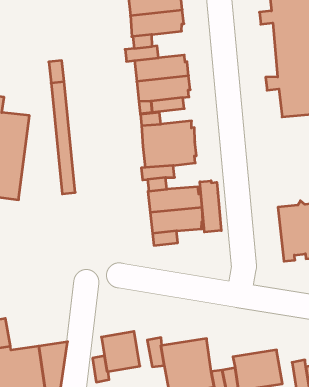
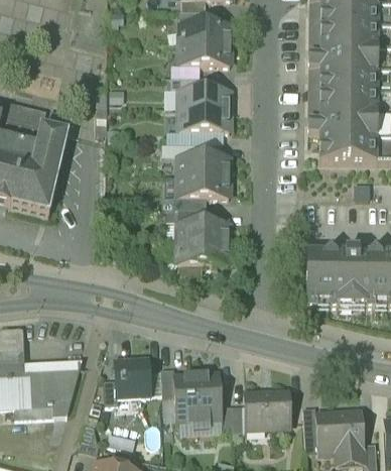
building: [200,181,221,232] -> none

